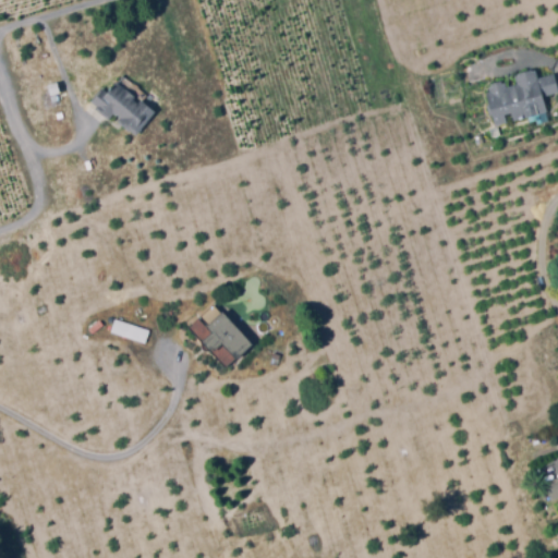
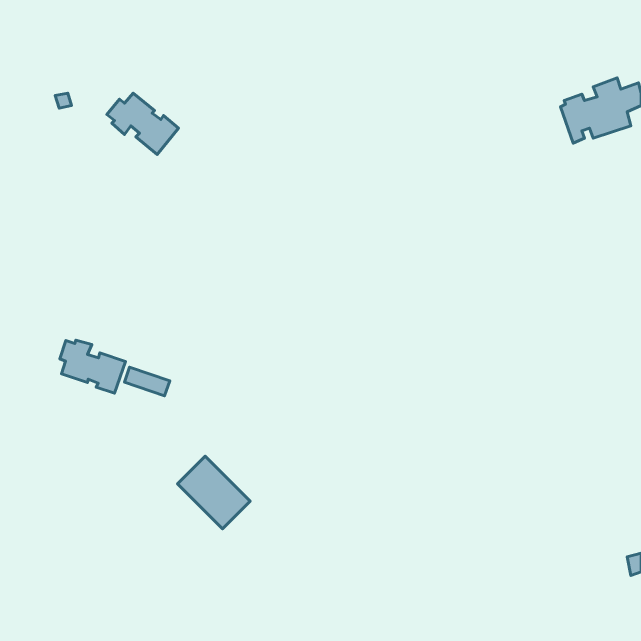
building: none -> [60,340,126,393]
building: [190,304,253,367] -> [177,456,250,529]

